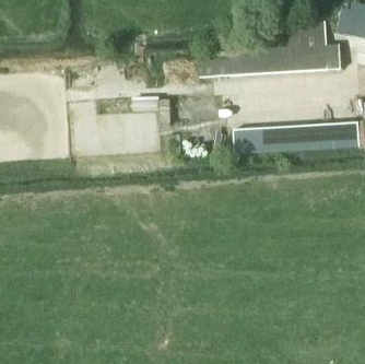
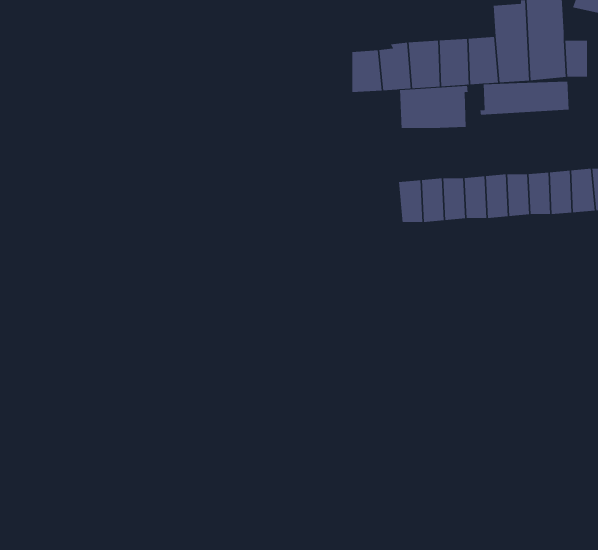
building: none -> [480,81,569,115]
building: none -> [400,85,468,129]

